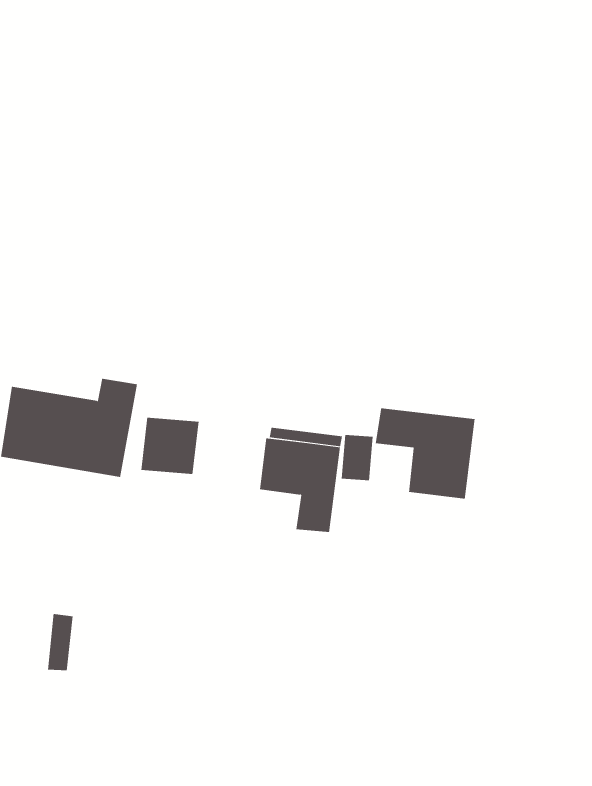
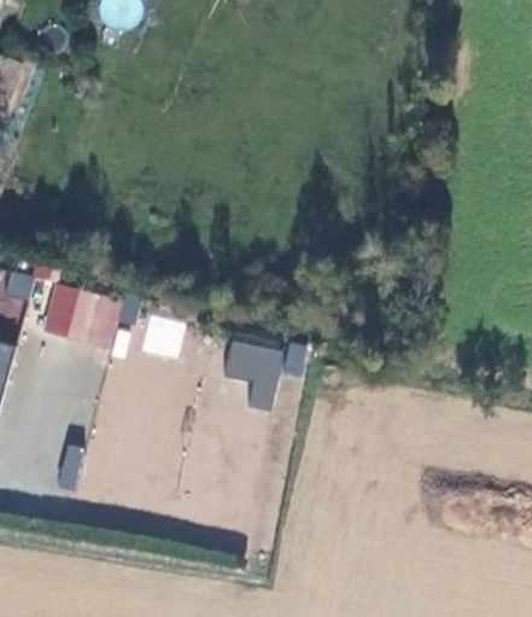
building: [375,408,475,499] -> none

